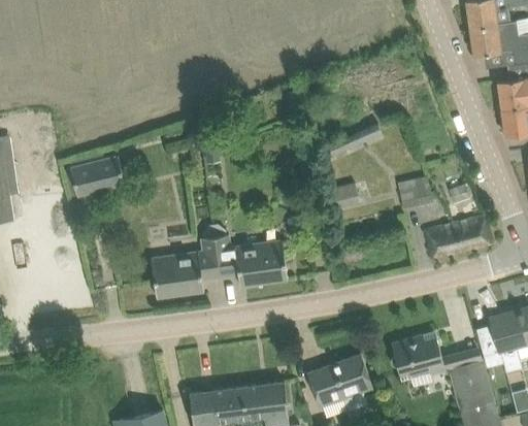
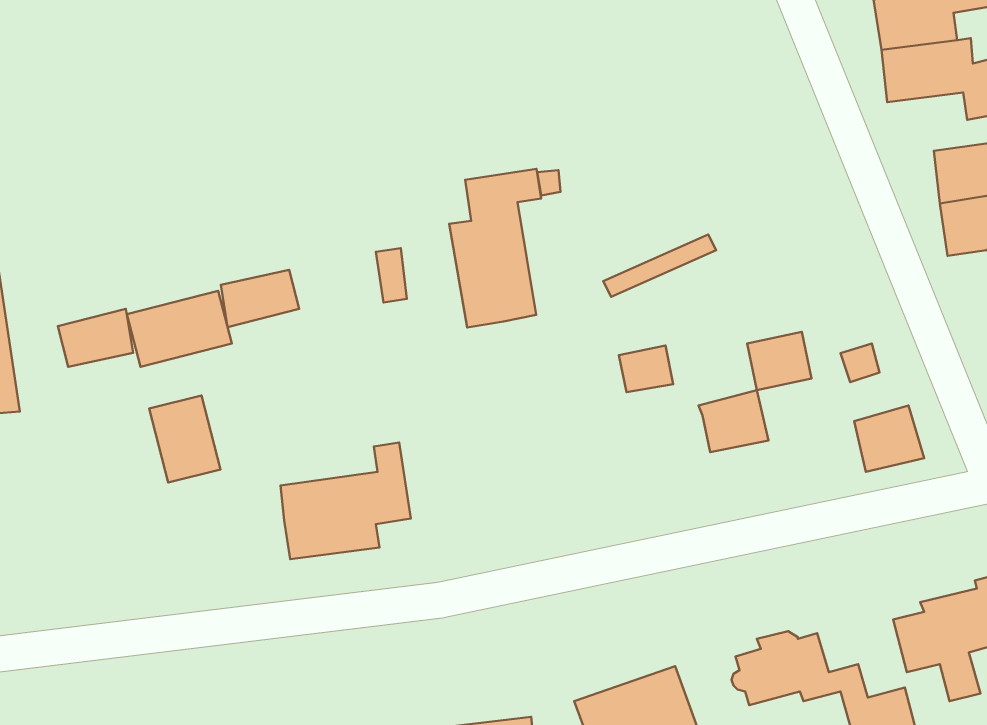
building: none -> [449,169,541,327]
building: none -> [221,270,299,327]
building: none -> [58,309,133,367]
building: none -> [149,395,220,483]
building: [425,225,462,258] -> [699,390,769,452]
building: [214,234,288,287] -> none

